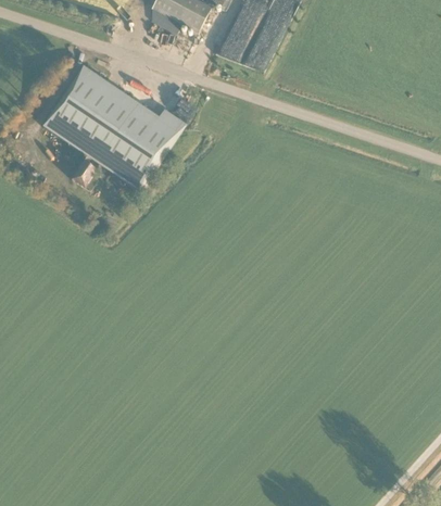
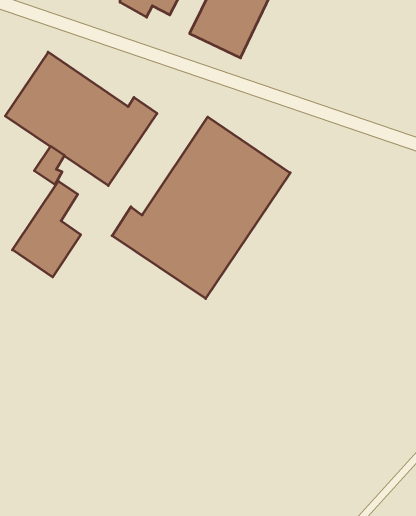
building: none -> [112,117,290,299]
building: none -> [12,181,81,277]

